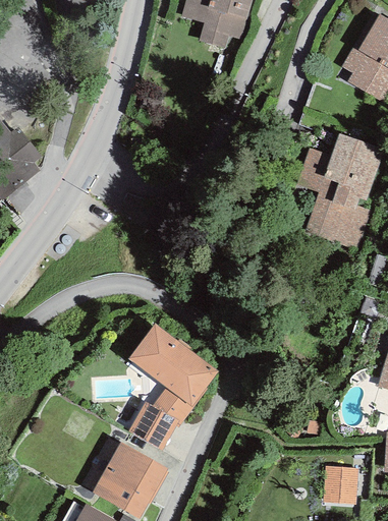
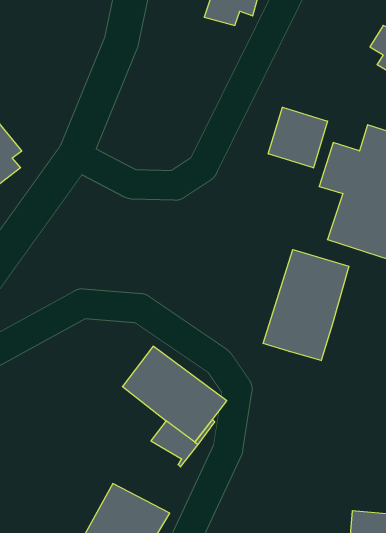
building: none -> [268,107,328,168]
building: none -> [263,250,349,361]
building: [128,401,179,450] -> none

